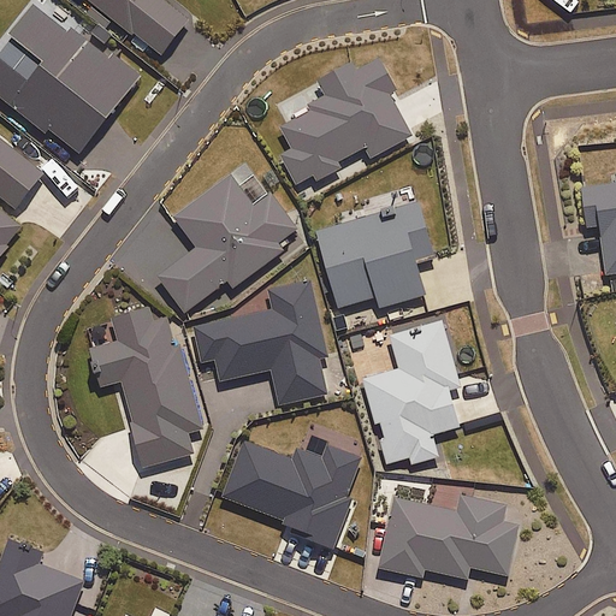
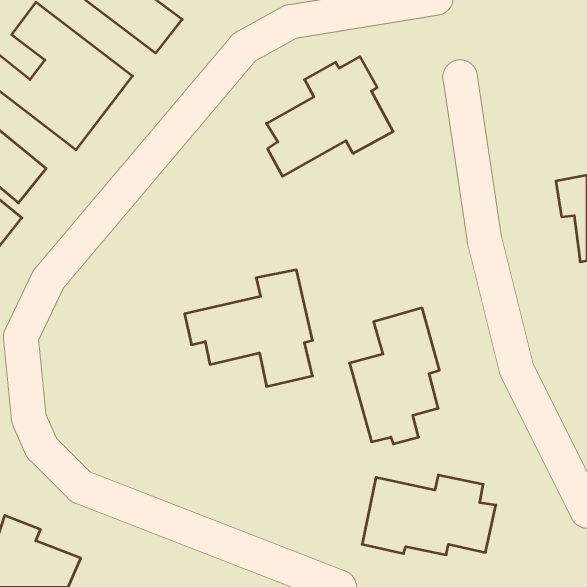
building: [158,176,296,310] -> none
building: [315,202,432,307] -> none
building: [89,306,201,468] -> none
building: [219,440,359,547] -> none

